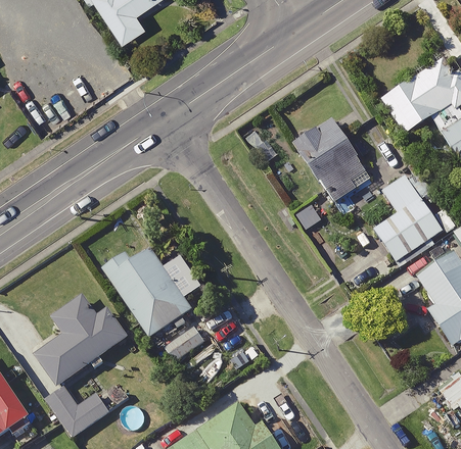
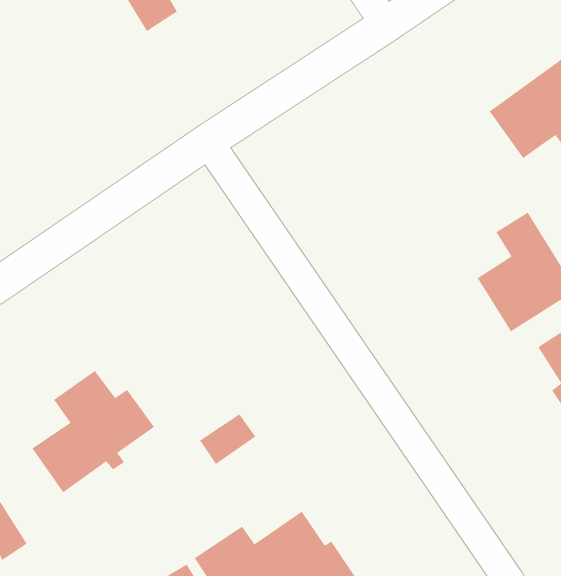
building: [296,118,370,202] -> none
building: [101,247,190,337] -> none
building: [45,381,131,438] -> none

